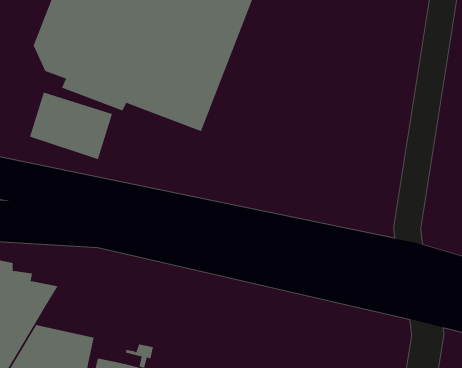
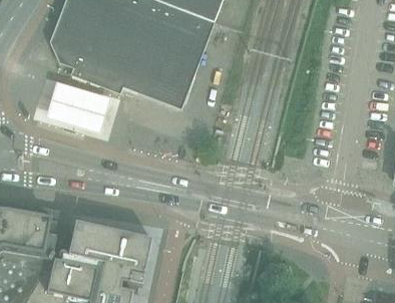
building: none -> [68,222,151,273]

